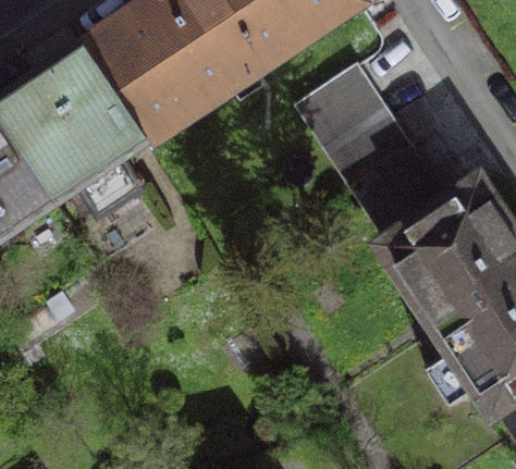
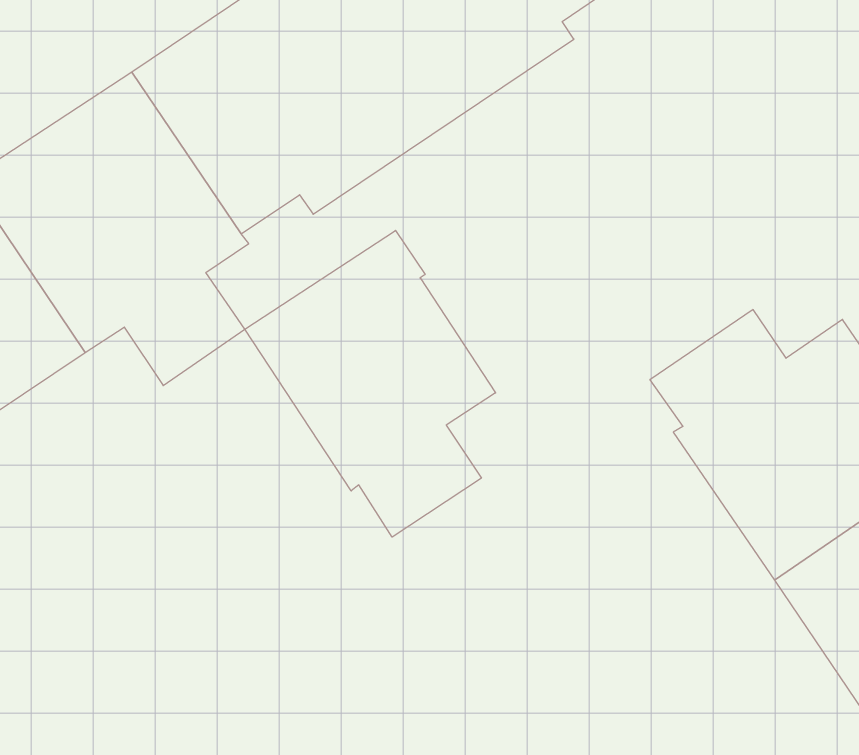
building: [298,66,429,215] -> none
building: none -> [245,230,496,537]

